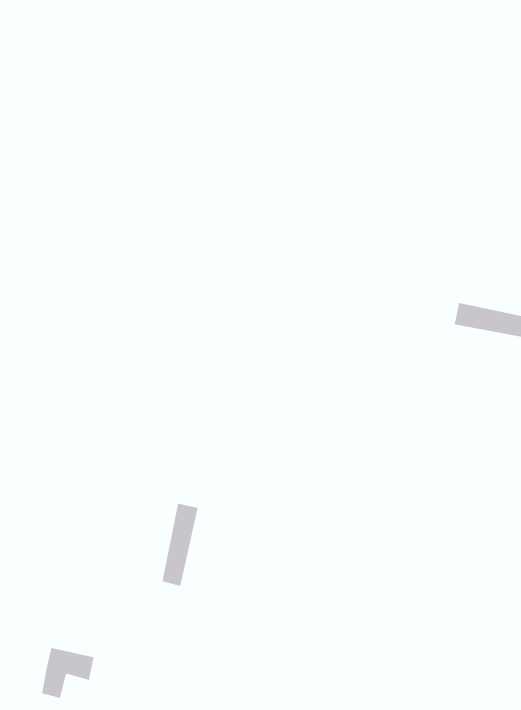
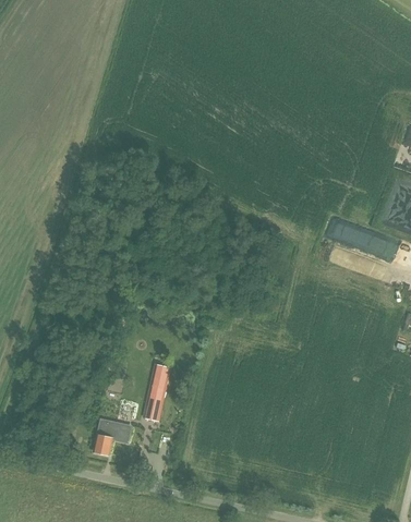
building: [41,647,94,699] -> [95,418,131,453]

